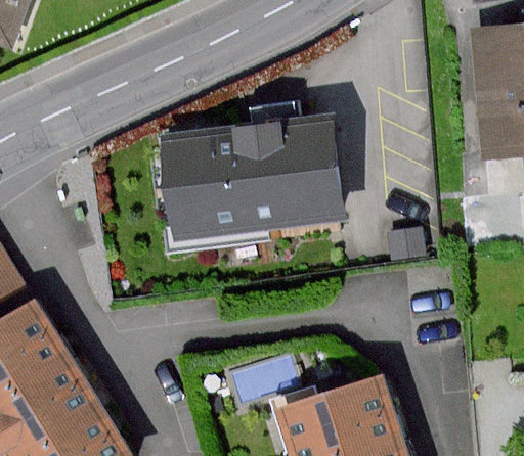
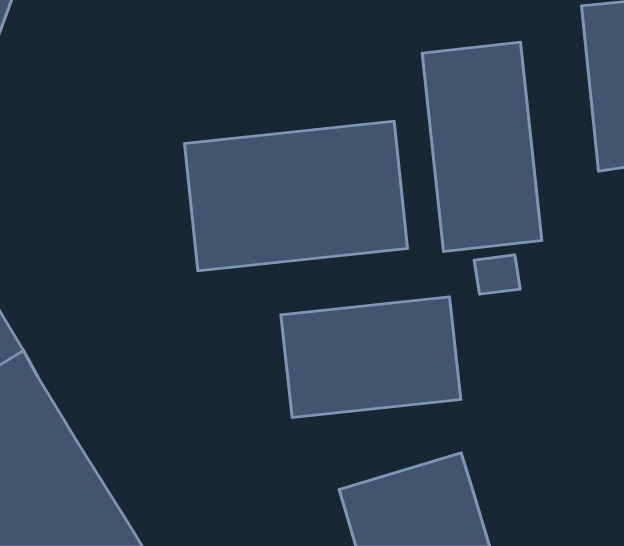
building: none -> [422,42,542,251]
building: none -> [281,297,461,418]

